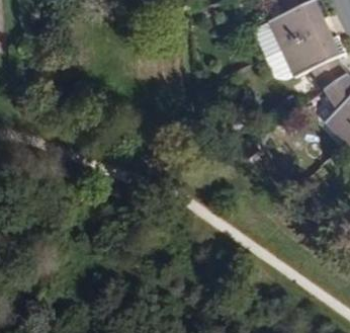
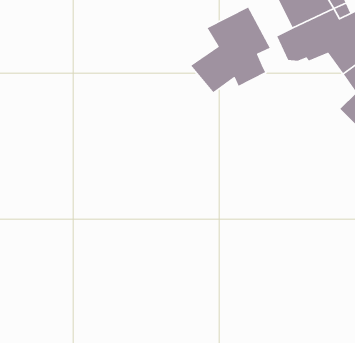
building: none -> [190,7,271,93]

